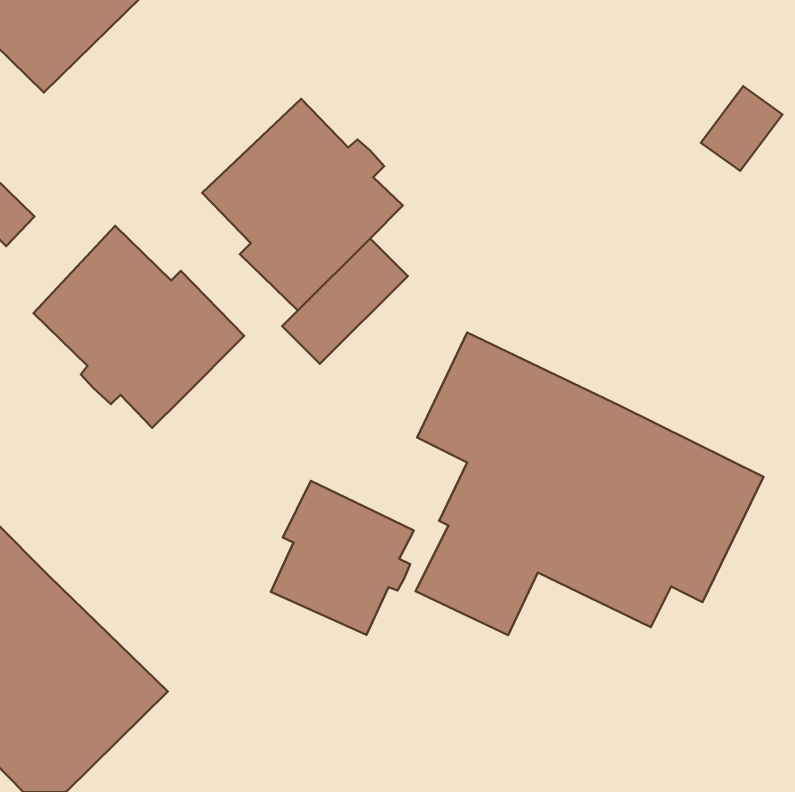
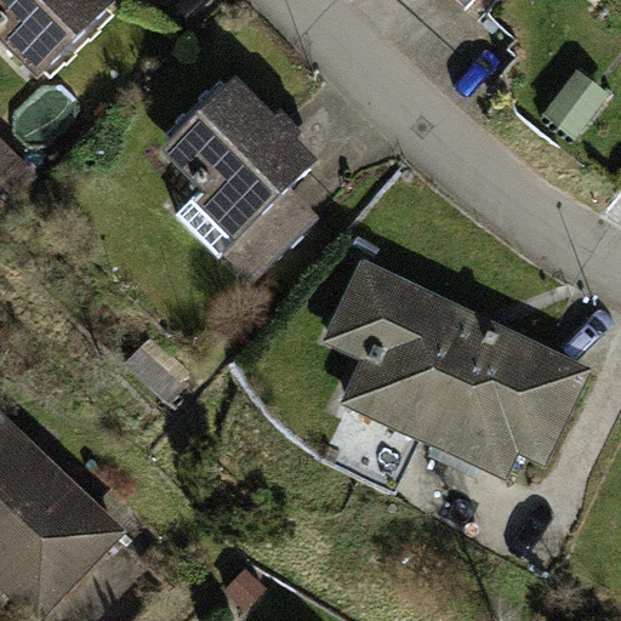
building: [33,226,244,428] -> none
building: [271,481,414,635] -> none

